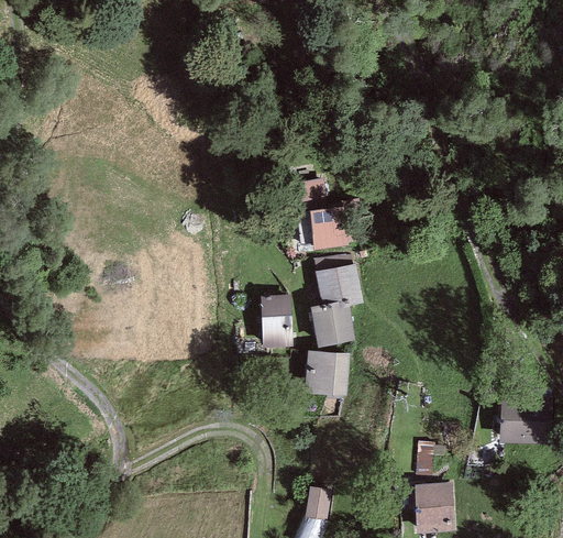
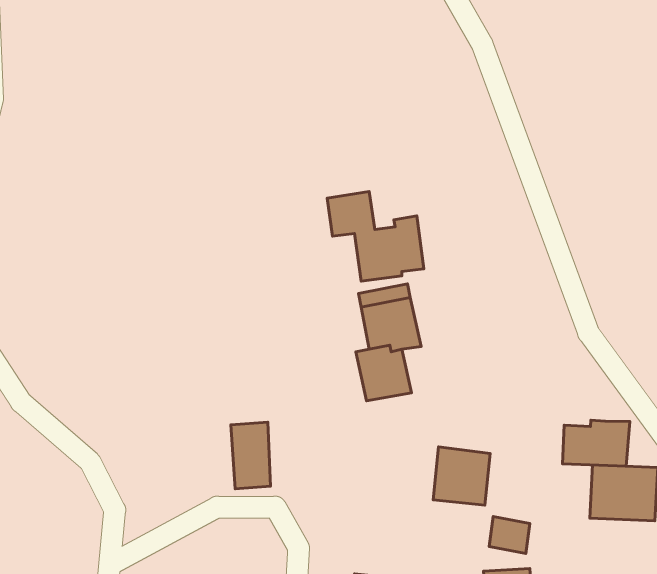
building: [260,294,291,348] -> [231,422,270,489]
building: [303,350,350,397] -> [433,447,490,505]
building: none -> [563,420,630,466]

